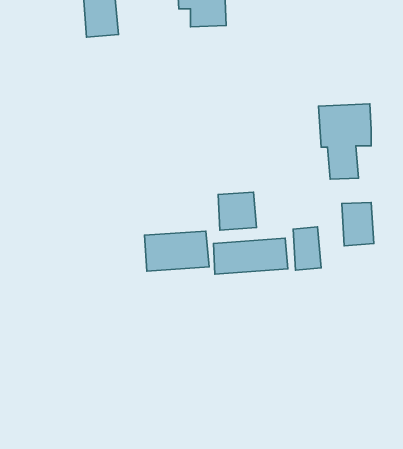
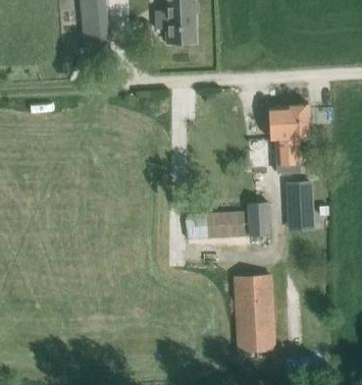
building: [218,192,256,230] -> none
building: [145,231,209,271] -> none
building: none -> [234,274,276,351]

